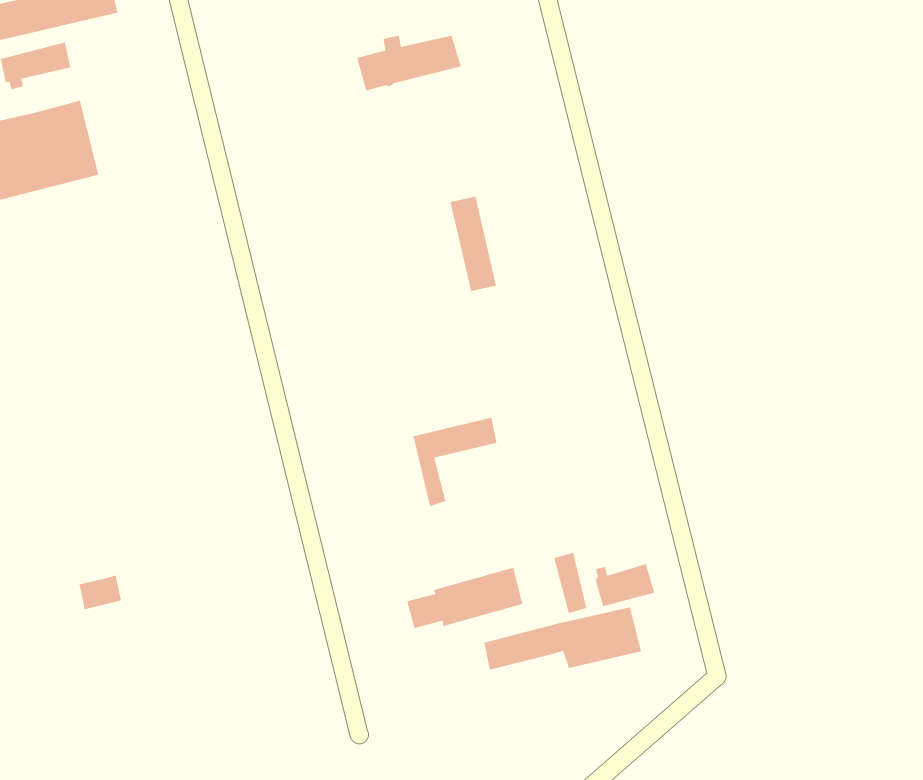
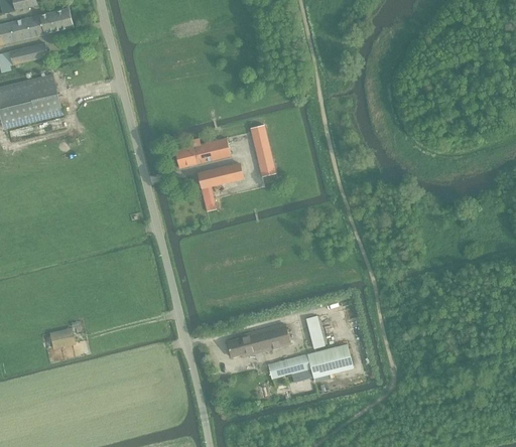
building: [356,35,462,91] -> [174,138,231,168]
building: [413,417,497,507] -> [198,163,243,211]
building: [594,563,655,607] -> none

